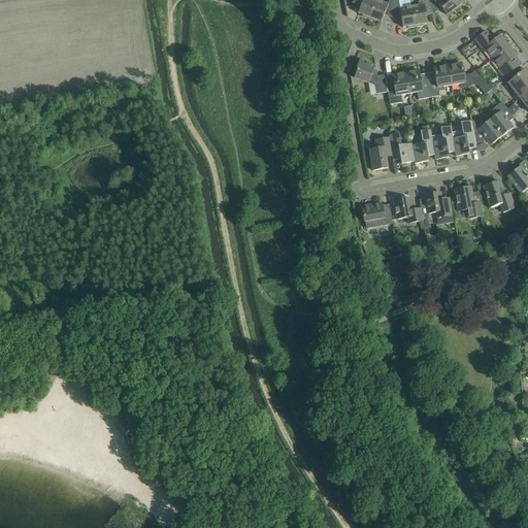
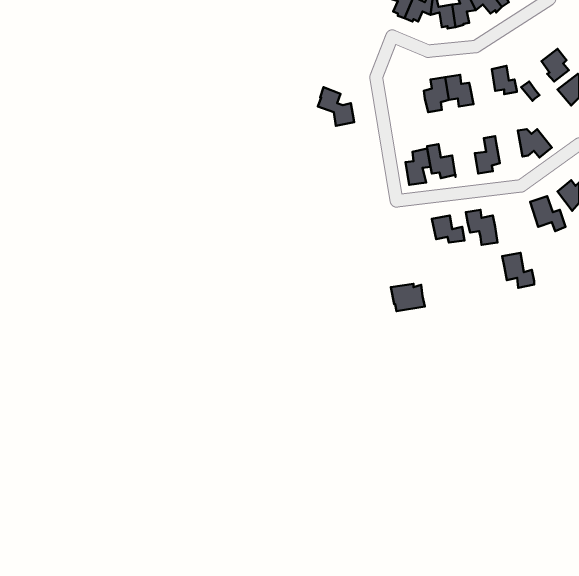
building: [475,29,507,56] -> none
building: [354,58,387,93] -> [318,87,354,126]
building: [428,63,451,95] -> none
building: [489,100,514,134] -> none
building: [452,119,475,154] -> none
building: [411,128,435,161] -> none
building: [454,185,483,217] -> [502,253,534,288]
building: [361,201,392,226] -> [391,284,425,311]

